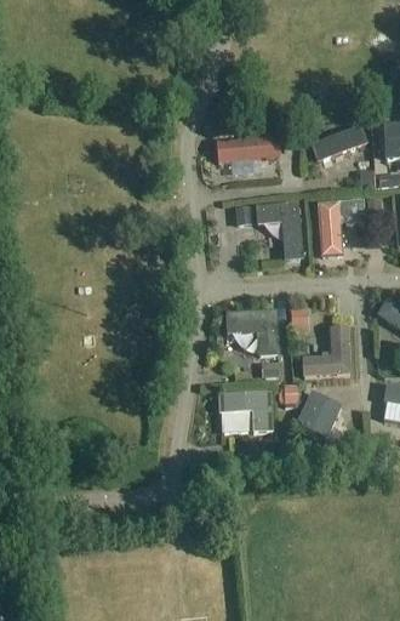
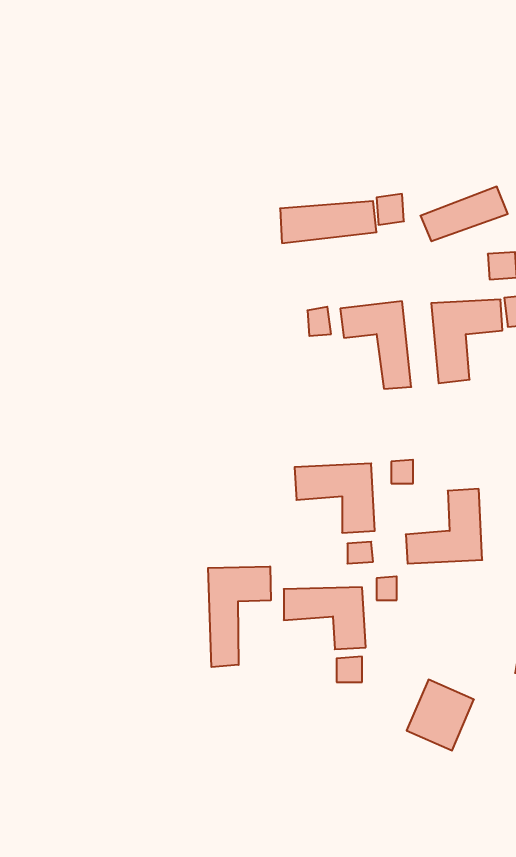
building: none -> [208,566,271,667]
building: [296,389,341,437] -> [407,680,474,751]

